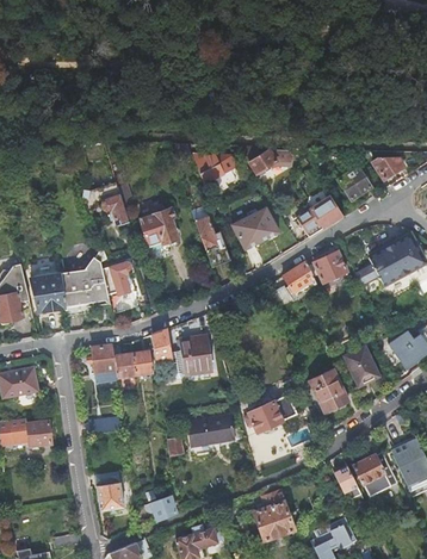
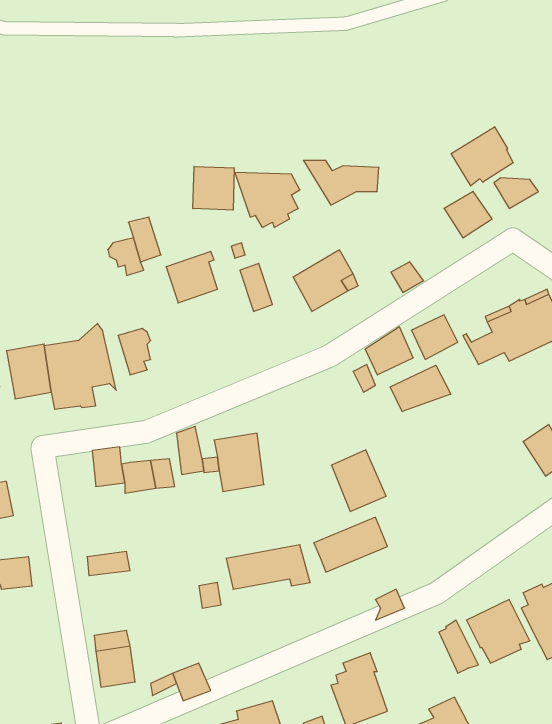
building: none -> [451,127,513,186]
building: none -> [193,166,234,210]
building: [309,195,342,229] -> none
building: none -> [390,365,451,412]
building: [347,346,378,384] -> none
building: [310,368,348,411] -> [331,450,386,511]

